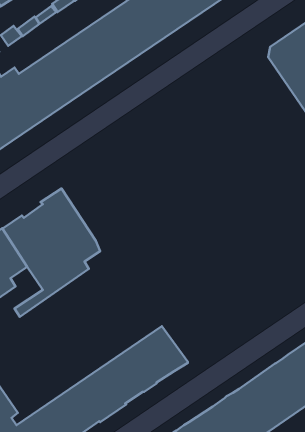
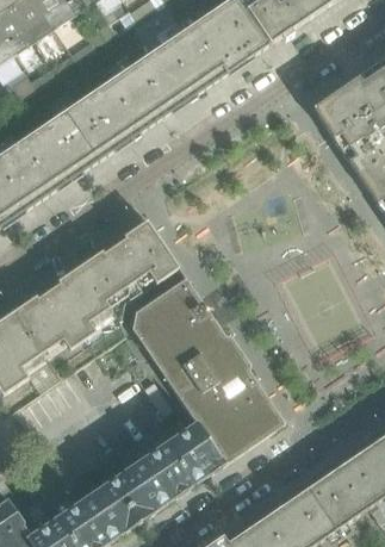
building: none -> [80,220,178,324]
building: none -> [130,276,282,462]

